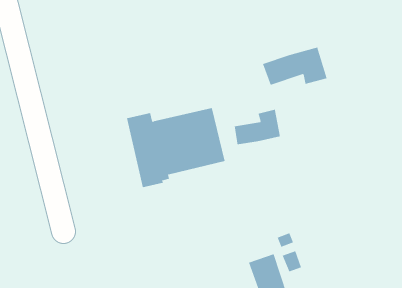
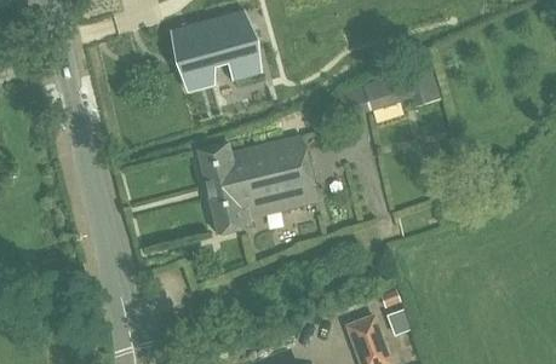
building: none -> [168,11,260,80]
building: [234,109,281,145] -> none

